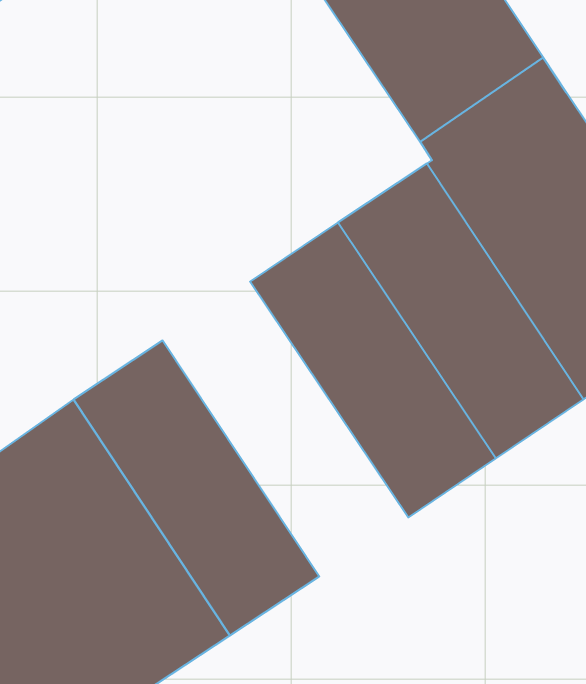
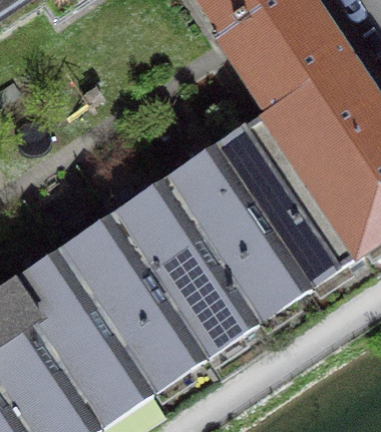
building: none -> [117,174,264,350]

